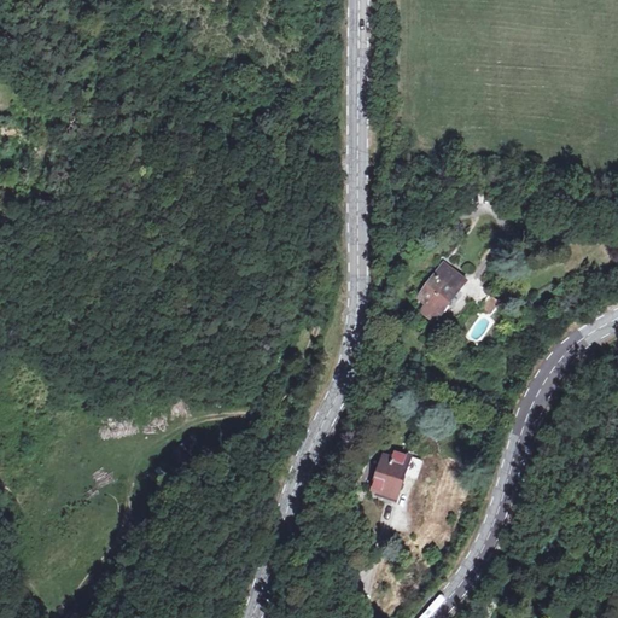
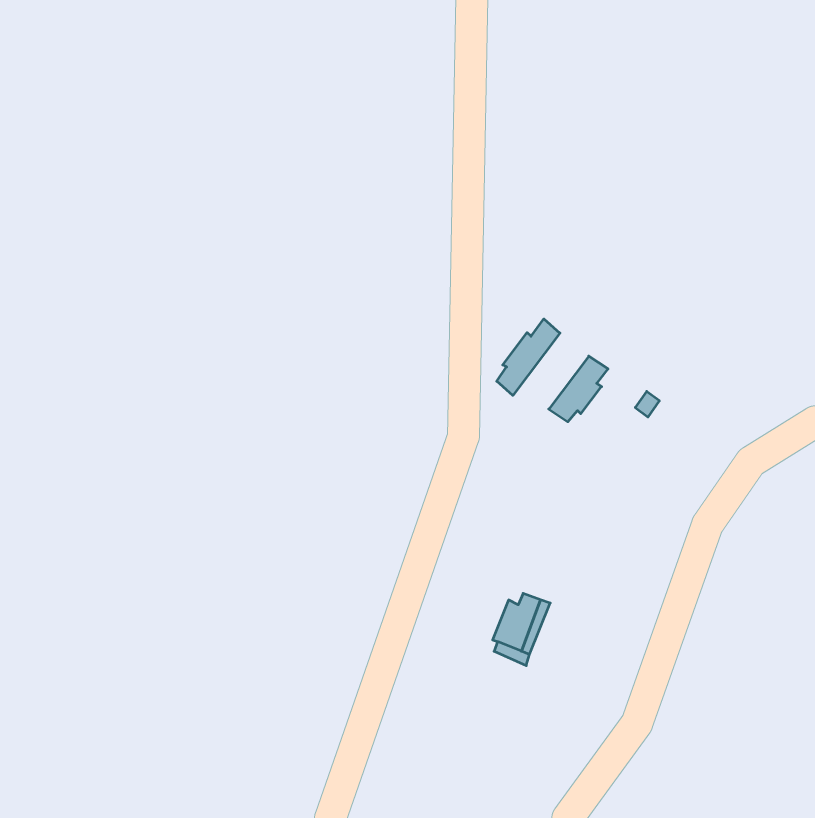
building: none -> [497,319,560,395]

